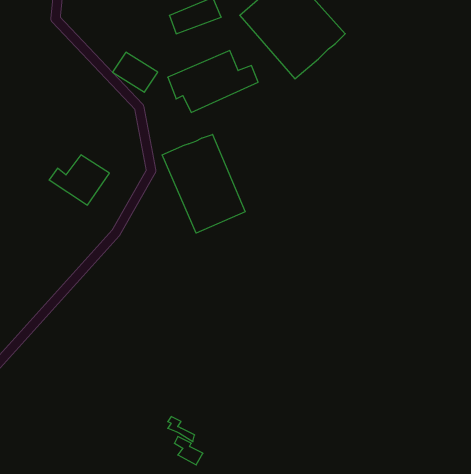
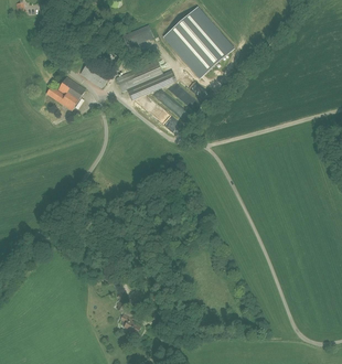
building: [162,134,245,233] -> none
building: [49,155,109,205] -> [46,77,86,110]

